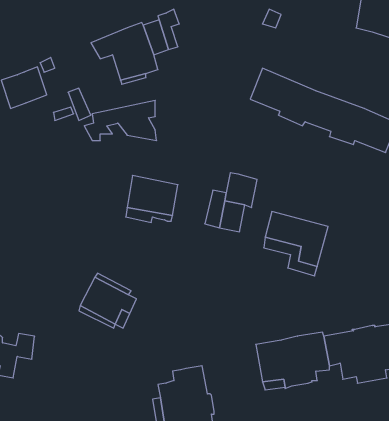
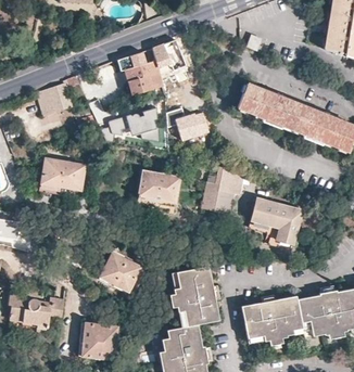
building: none -> [167,106,210,141]
building: none -> [40,158,85,192]
building: none -> [174,266,219,325]
building: none -> [80,321,117,359]

